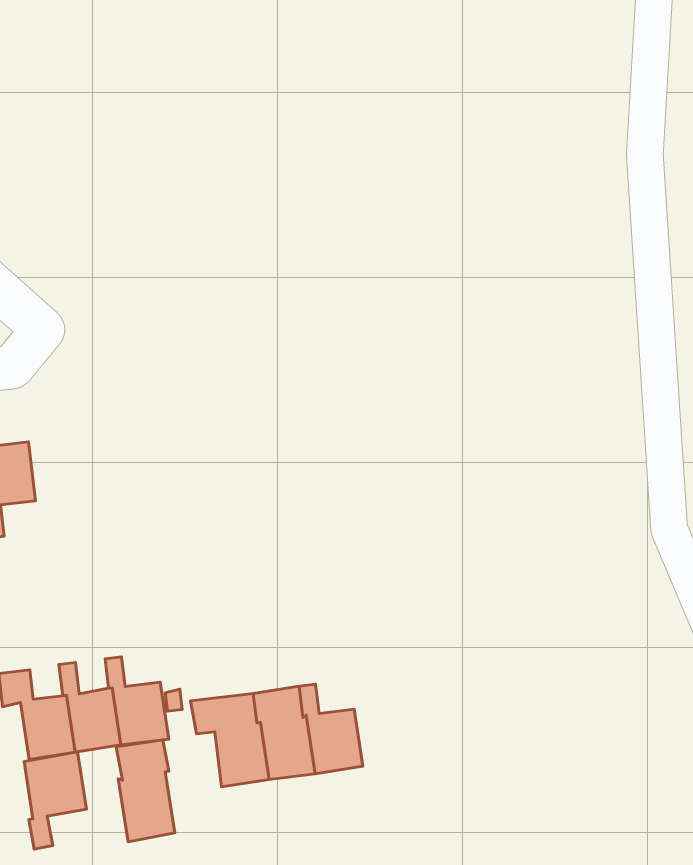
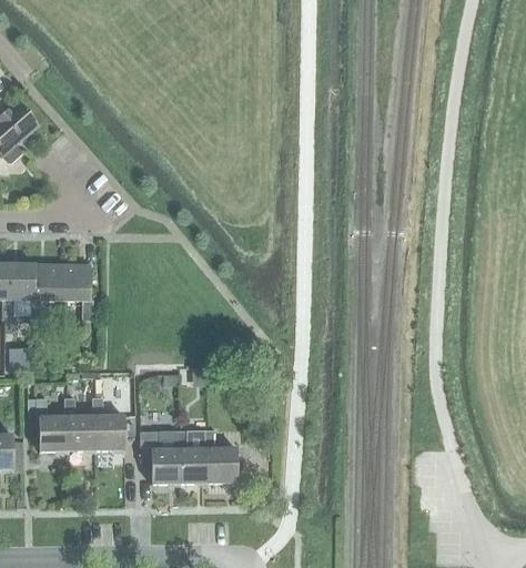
building: none -> [61,264,92,320]
building: [116,740,175,842] -> none
building: [24,752,86,849] -> none

